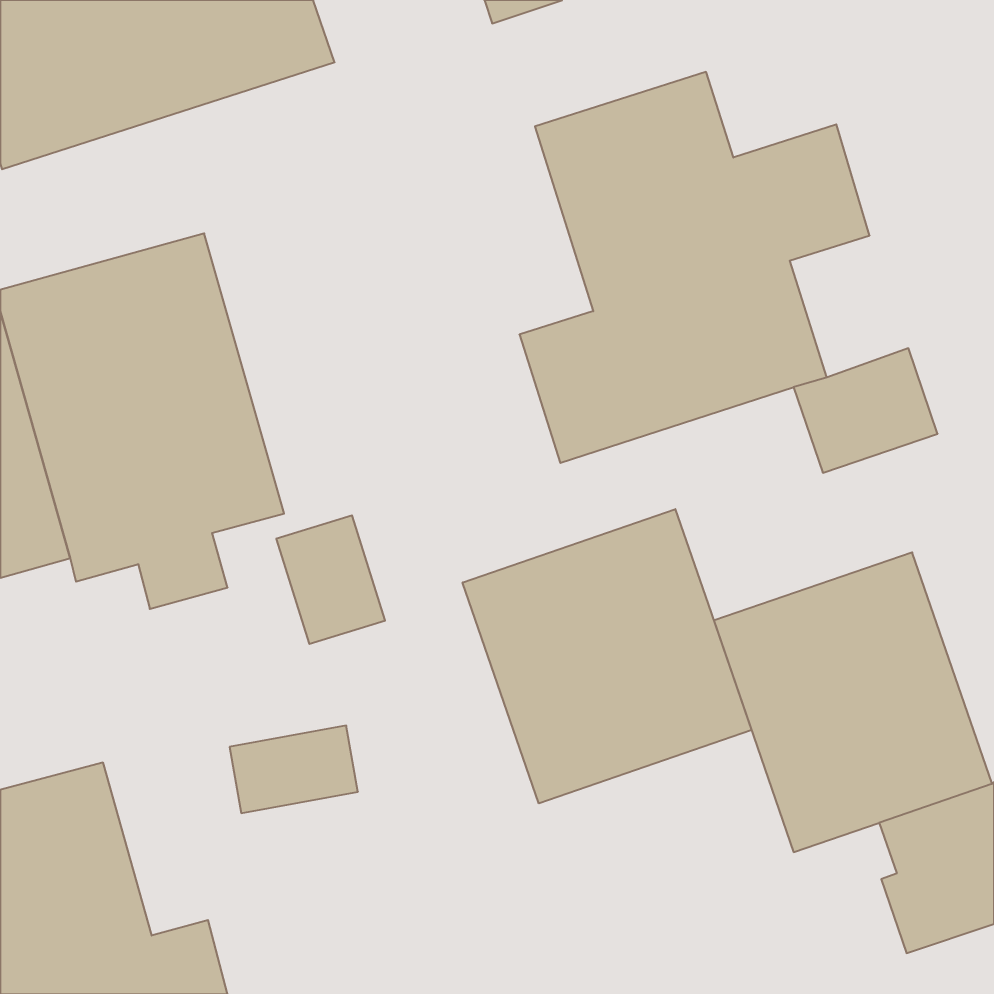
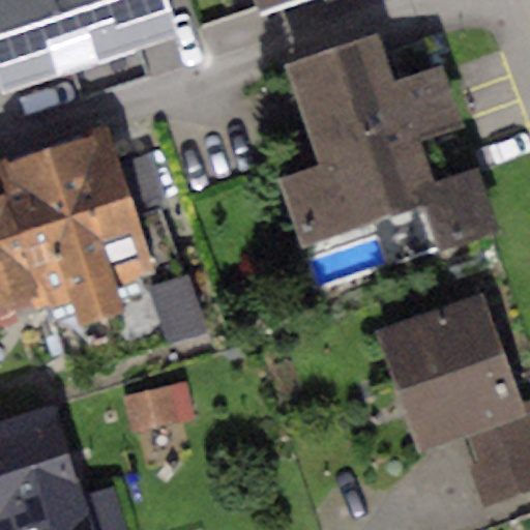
building: [463,509,752,803] -> none

